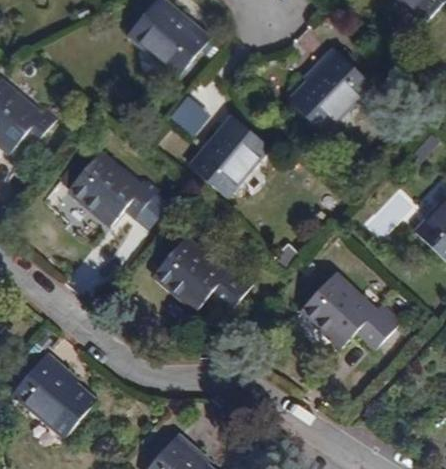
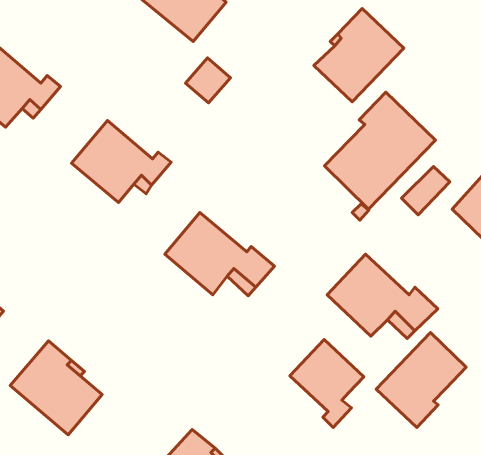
building: [190,114,269,196] -> none
building: none -> [324,92,435,209]
building: none -> [376,332,466,428]
building: none -> [290,339,364,428]

